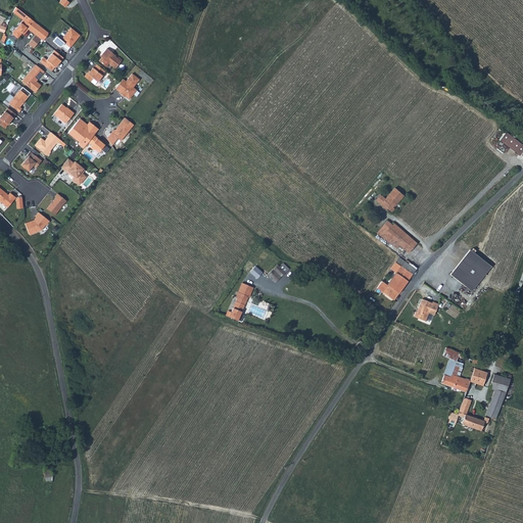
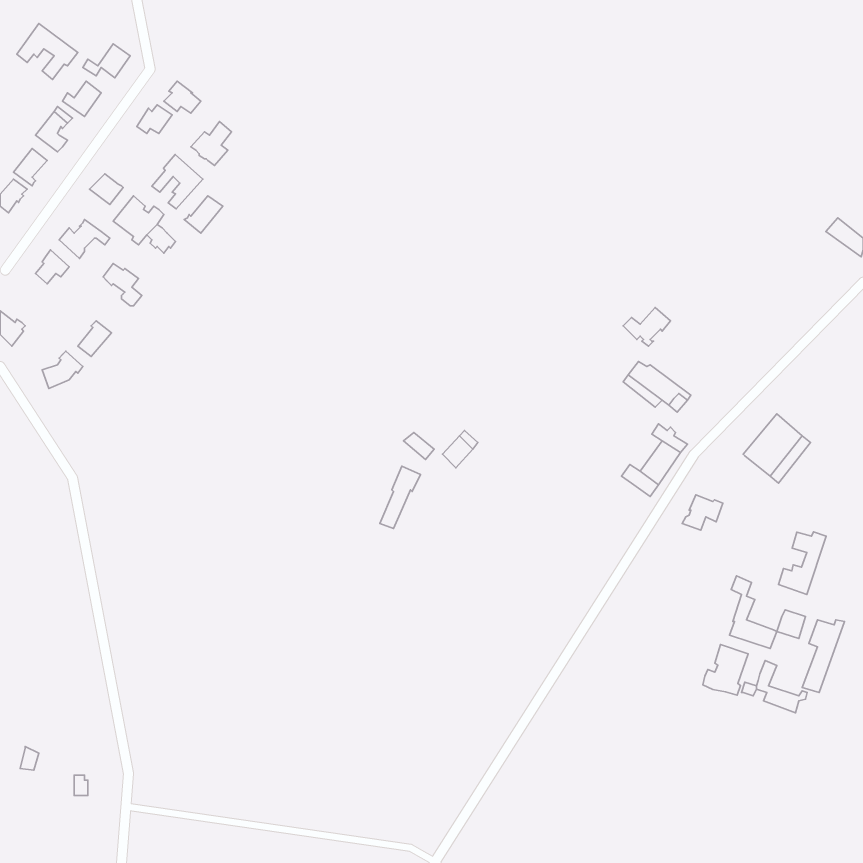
building: none -> [152,155,203,209]
building: none -> [779,532,826,595]
building: none -> [703,645,748,695]

